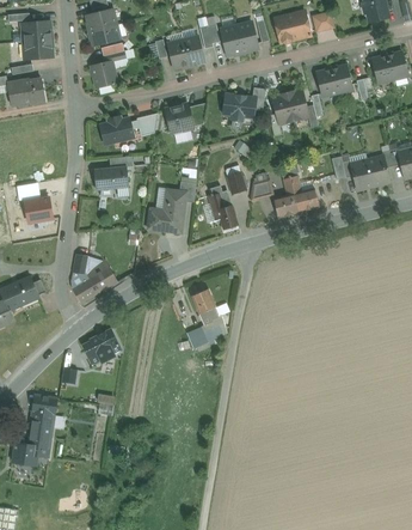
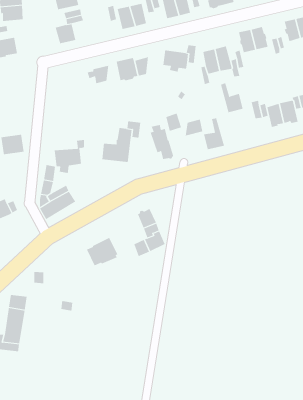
building: [99,116,133,144] -> none
building: [93,156,131,197] -> [54,140,85,174]
building: [289,175,318,212] -> [220,83,243,113]
building: [81,328,121,364] -> [86,237,118,266]

